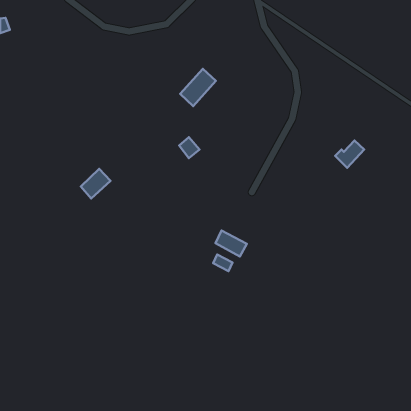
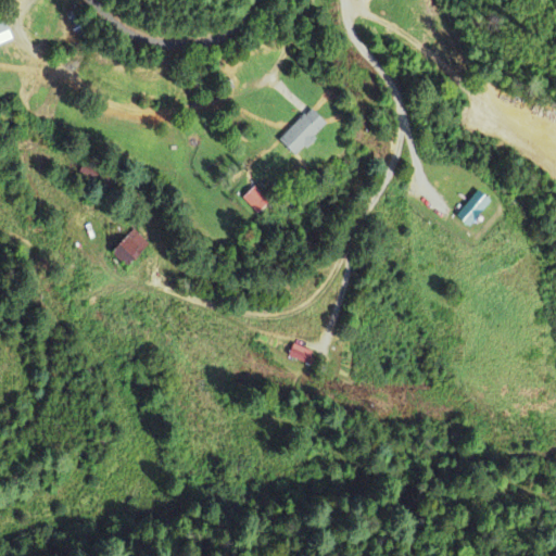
building: [180,69,216,106] -> [279,106,327,156]
building: [215,230,247,257] -> none

